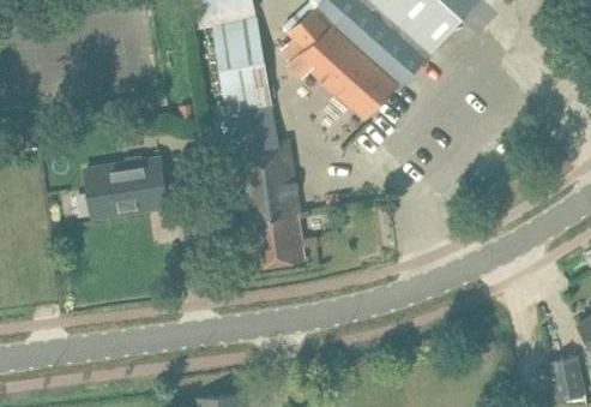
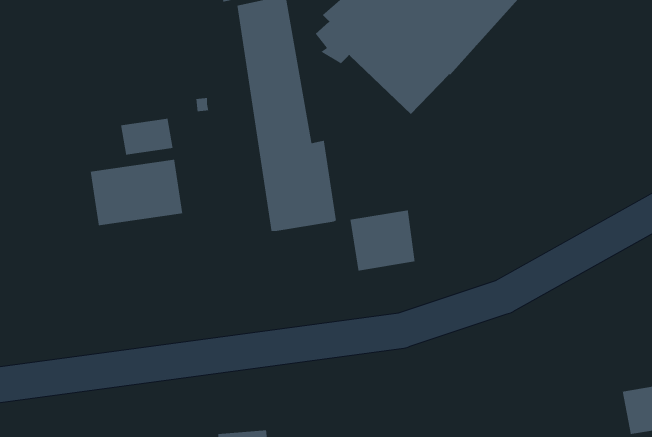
building: none -> [120,118,173,156]
building: [247,214,304,268] -> [350,210,415,271]

